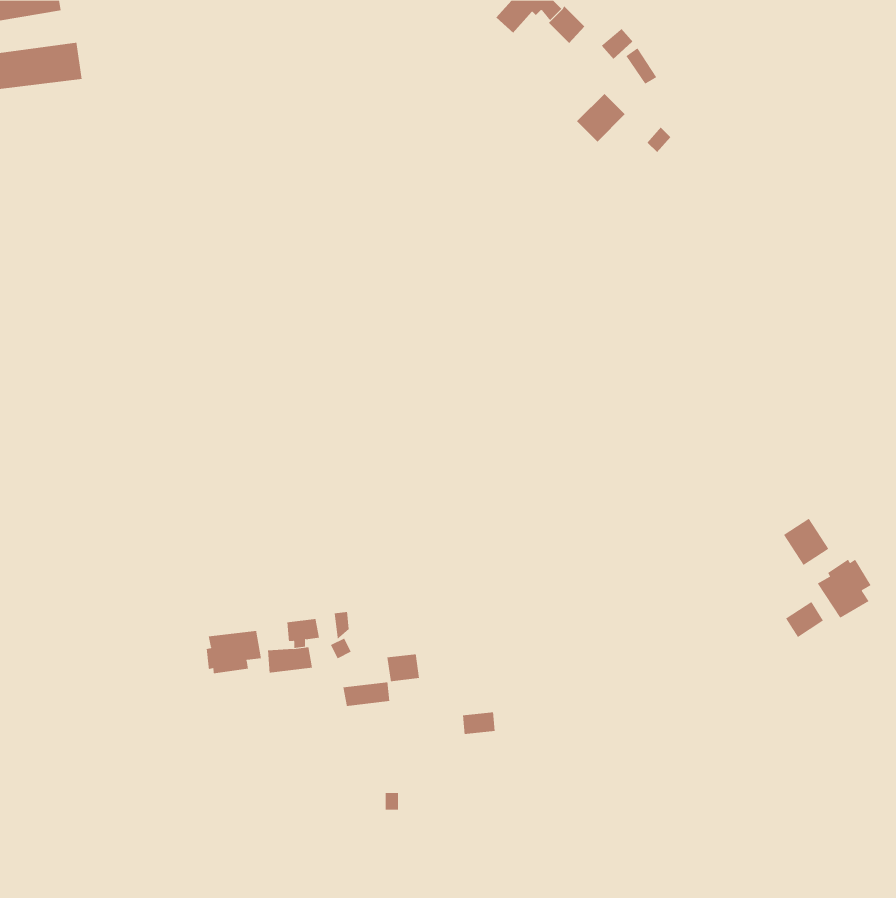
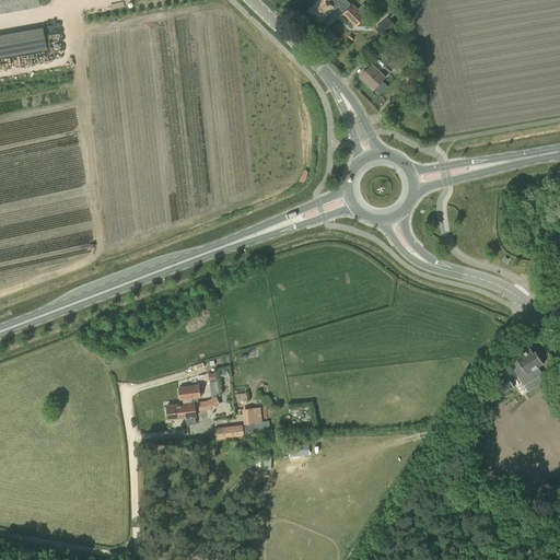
building: [783,518,829,566] -> none
building: [206,630,262,674] -> none

